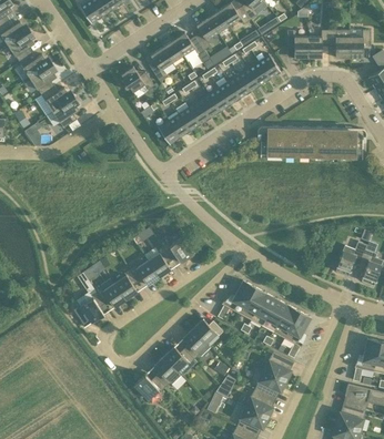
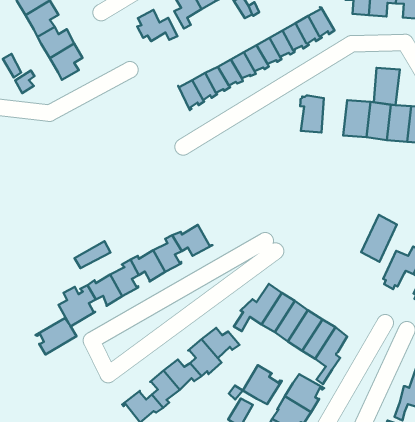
building: [276,126,295,155] -> [374,68,400,105]
building: none -> [361,215,397,262]
building: none -> [36,318,76,355]
building: none -> [243,365,282,404]

